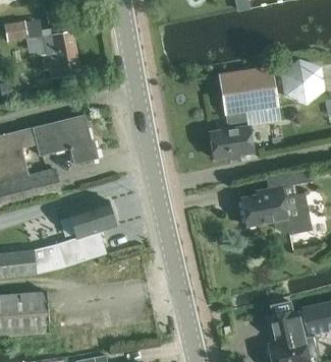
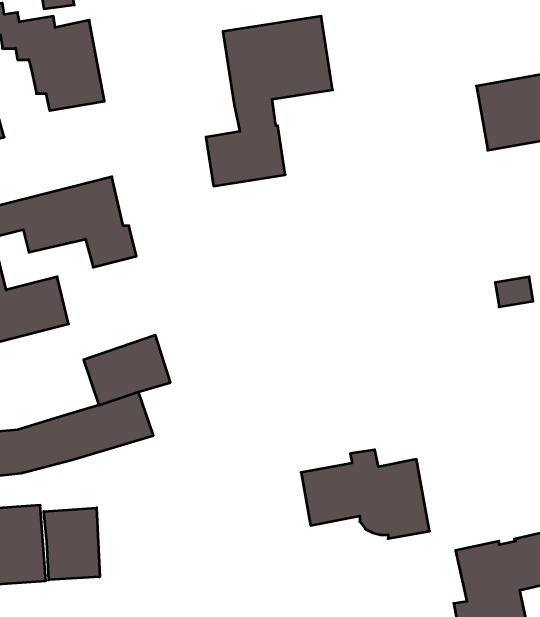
building: [210,66,278,158] -> [206,16,333,186]
building: [241,185,311,233] -> [301,450,430,539]
building: none -> [44,508,100,580]

